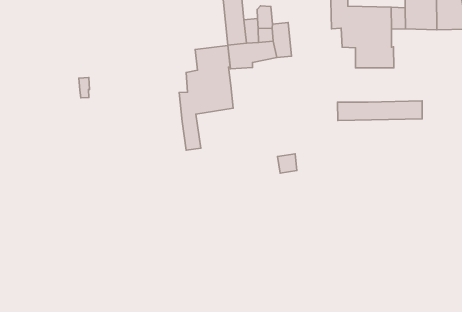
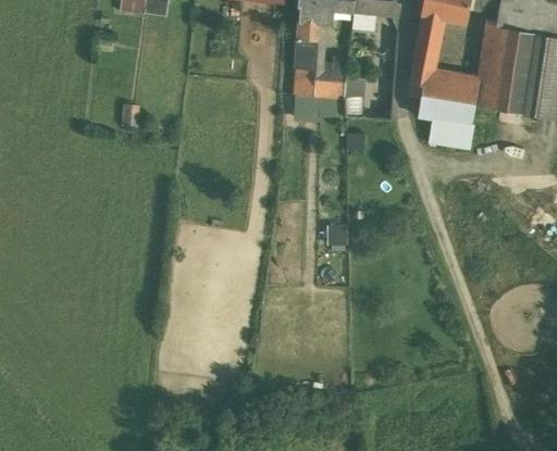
building: [179,46,233,150] -> none
building: [338,101,422,120] -> none

